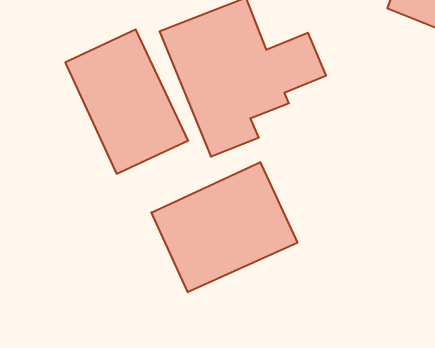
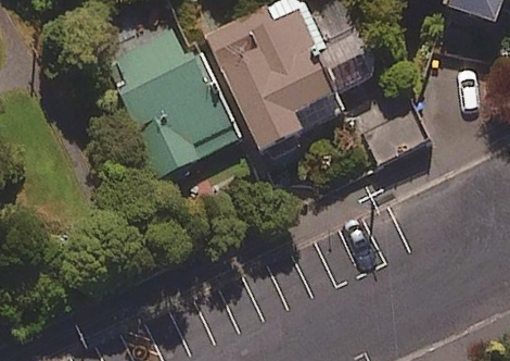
building: [151,162,297,292] -> none

